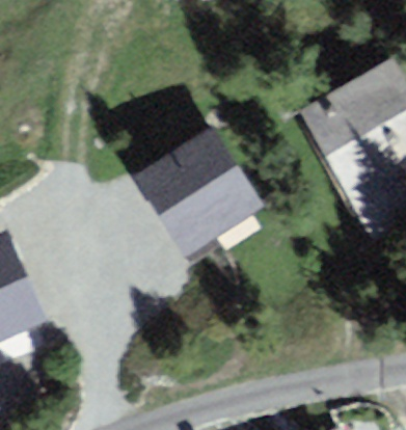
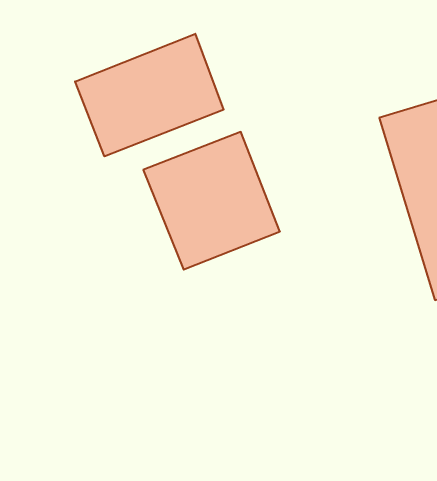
building: none -> [75,34,224,156]

